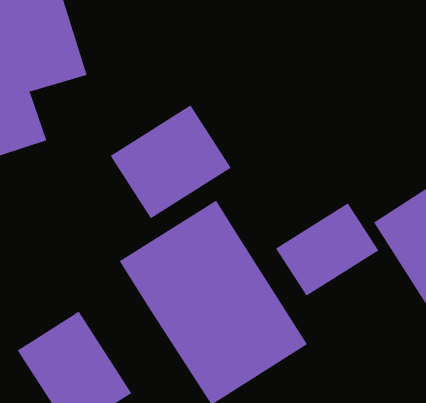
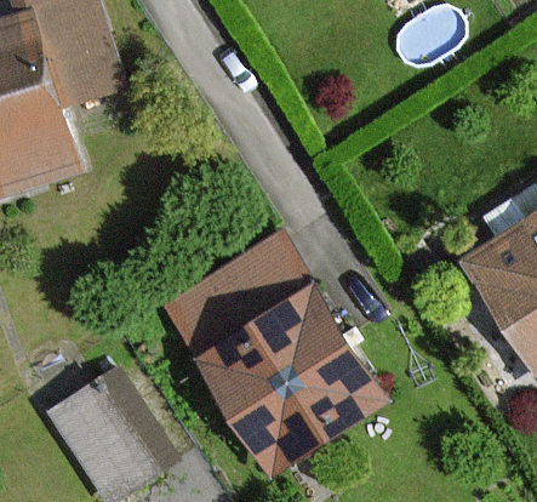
building: [110,105,231,219] -> none
building: [275,202,379,297] -> none

